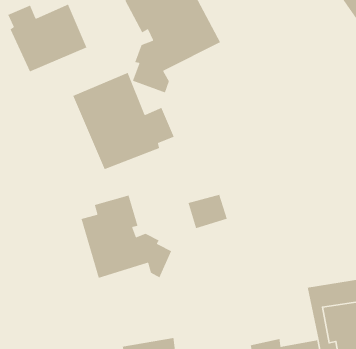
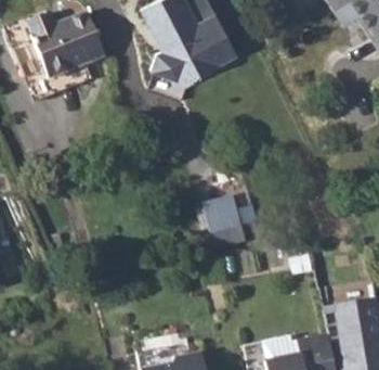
building: [72,72,175,170] -> none
building: [80,194,172,279] -> none

